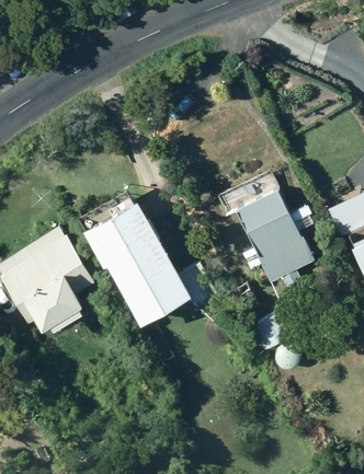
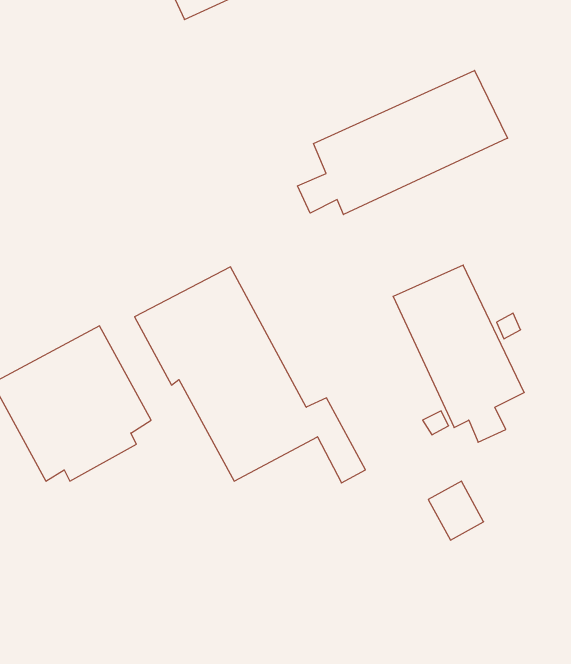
building: none -> [298,70,508,215]

